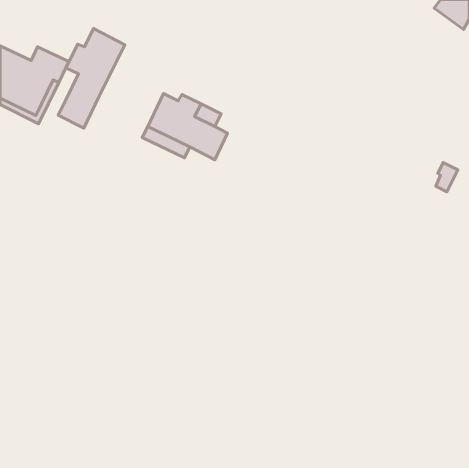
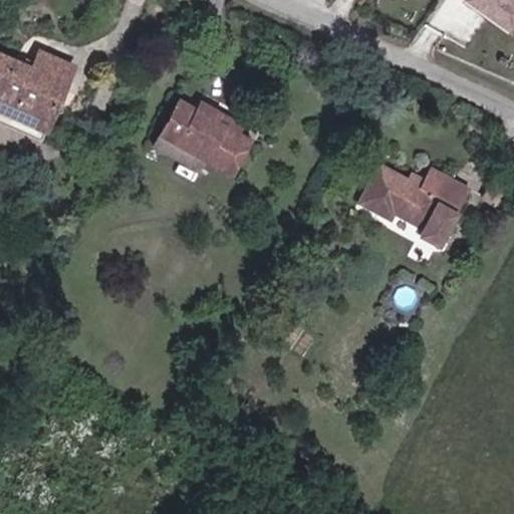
building: [58,29,125,128] -> none
building: none -> [364,163,470,241]

